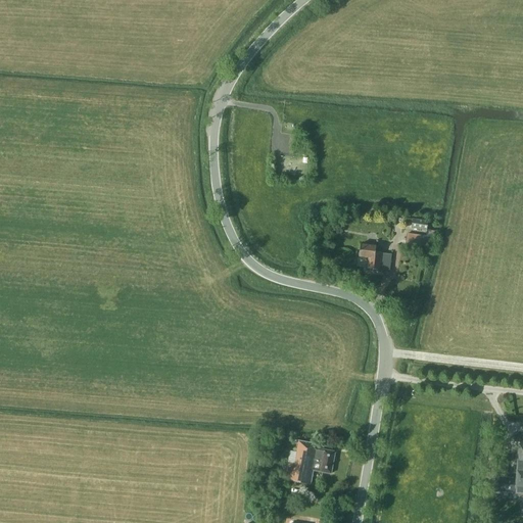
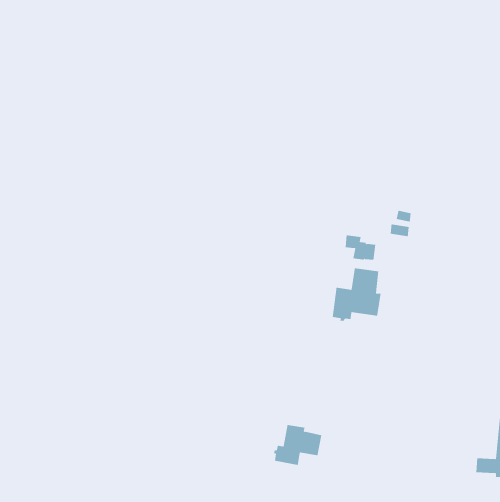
building: none -> [332,267,381,322]

